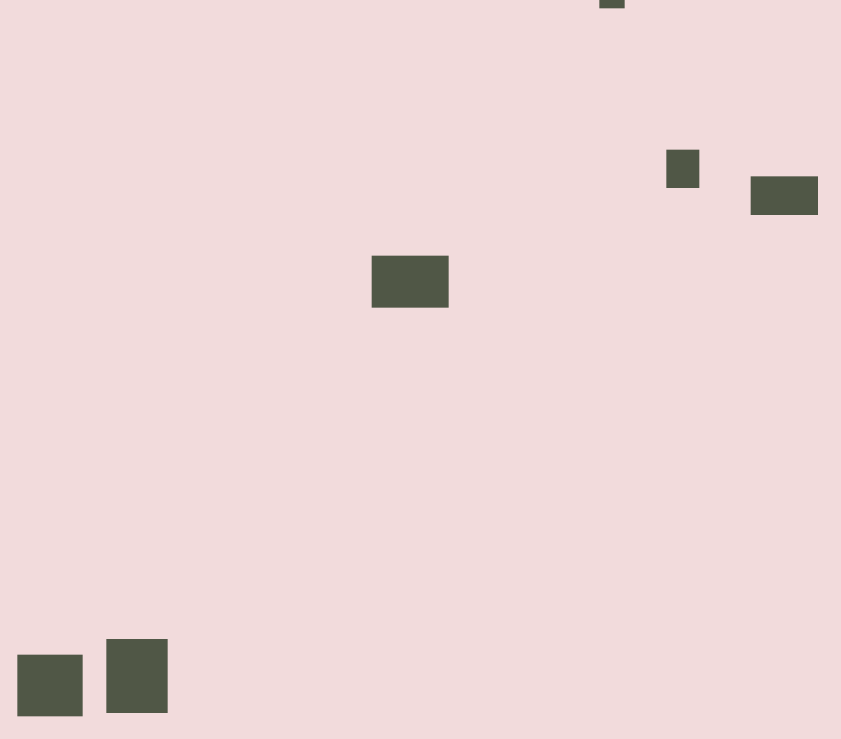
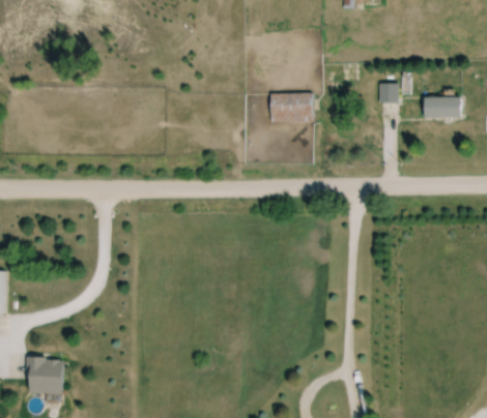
building: [371,255,449,308] -> [270,93,313,122]
building: [106,638,168,714] -> none

